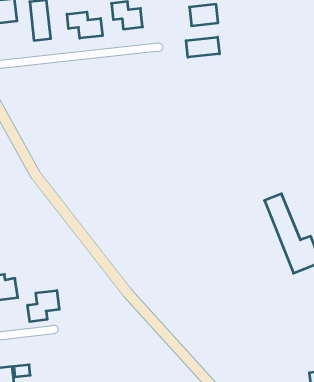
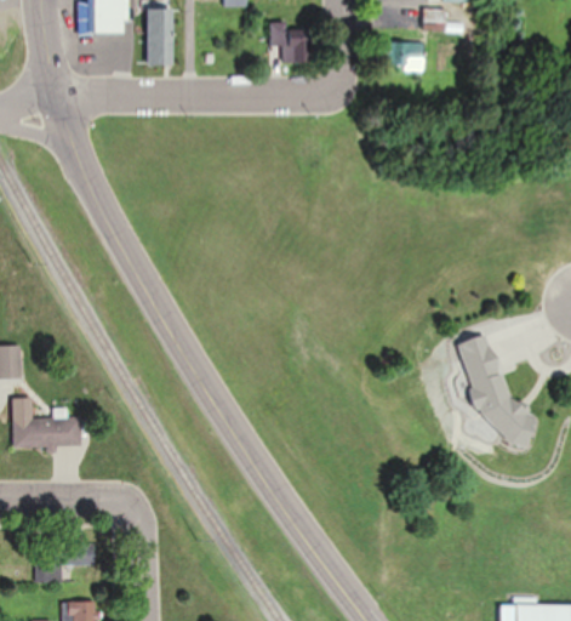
building: [67,12,102,38] -> none
building: [186,37,219,57] -> none
building: [28,290,59,322] -> none

